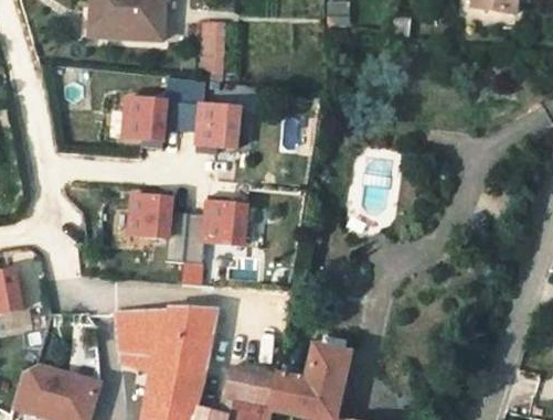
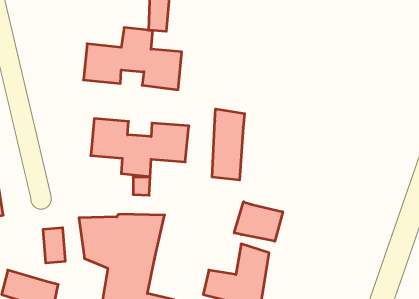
building: none -> [212,109,245,180]
building: none -> [234,202,283,241]
building: [223,366,274,405] -> none

